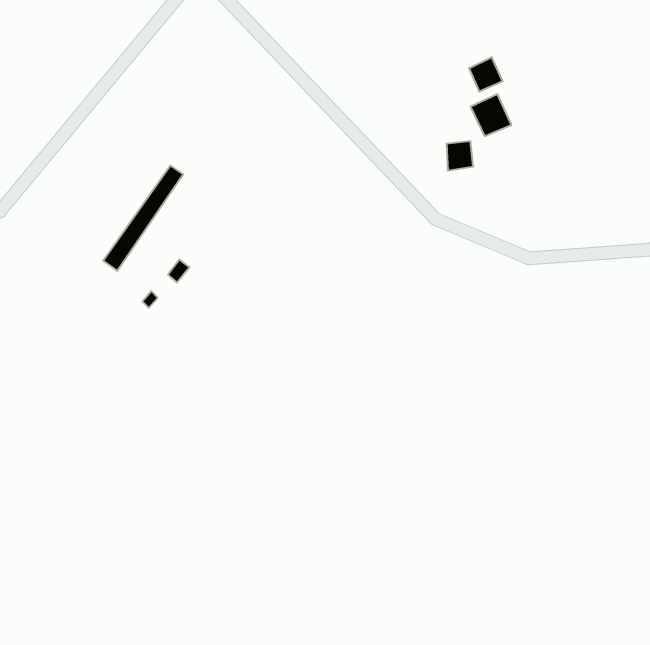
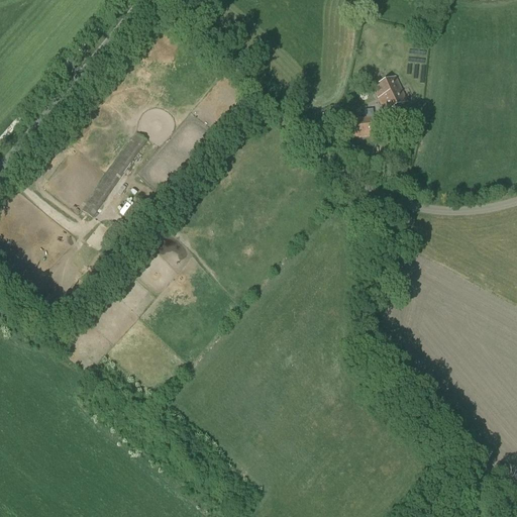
building: [469,57,503,92] -> none

